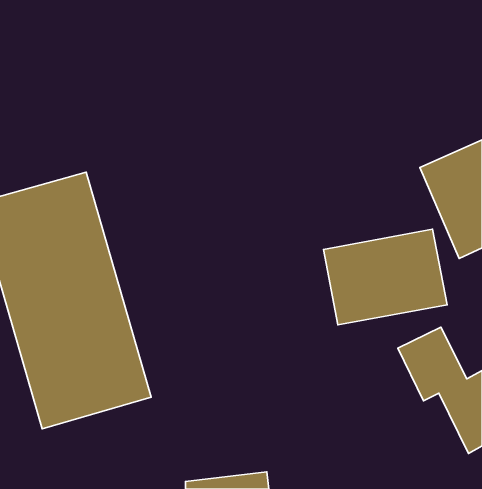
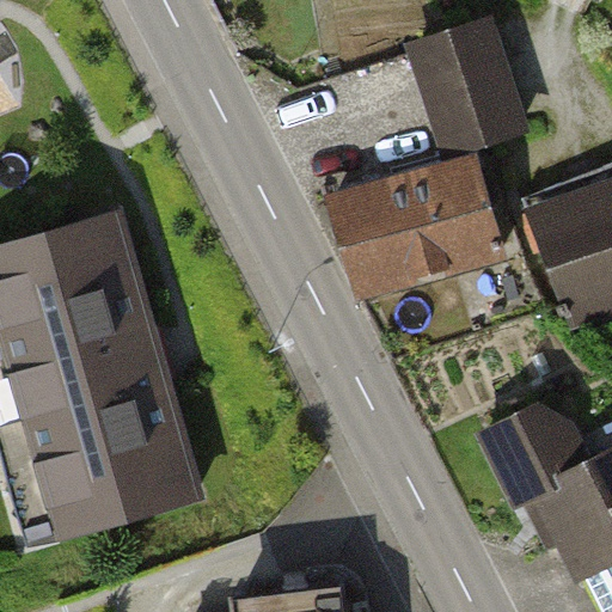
building: none -> [423,25,528,147]
building: [324,229,447,325] -> [348,167,502,287]

